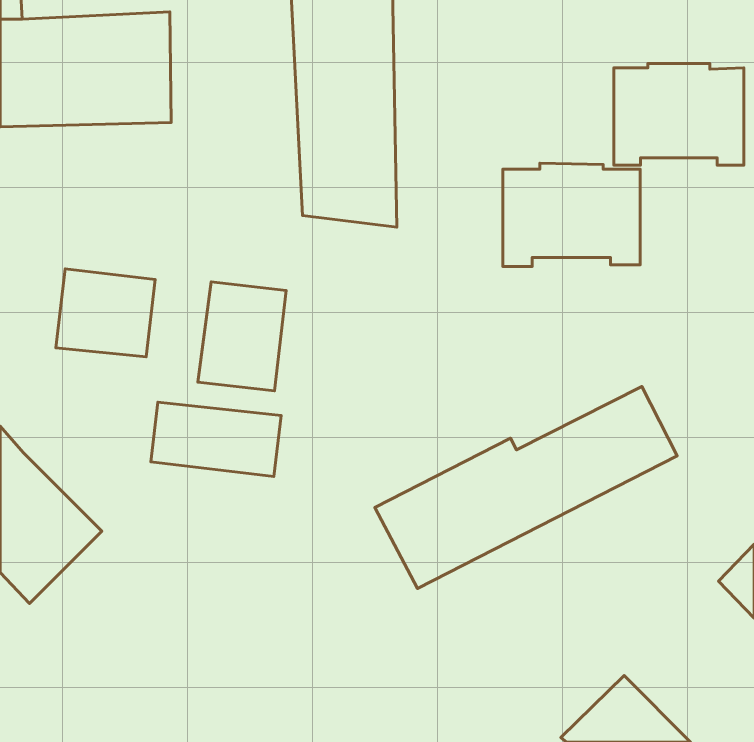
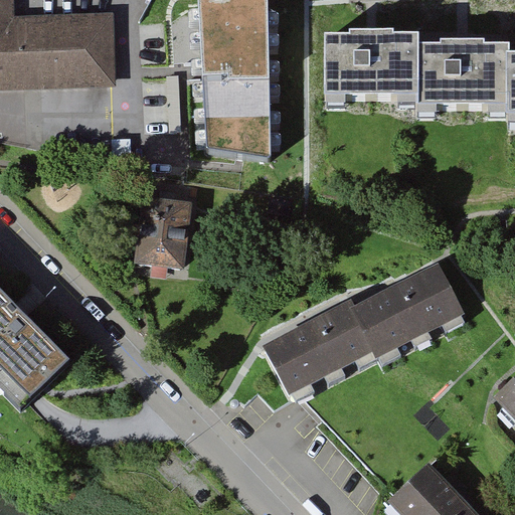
building: [503,163,640,266] -> [325,33,418,104]
building: [56,269,155,357] -> none
building: [151,402,281,476] -> none

